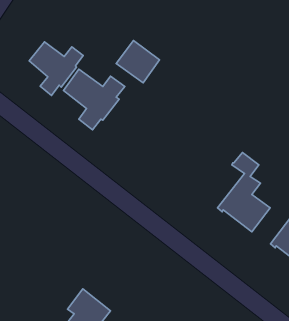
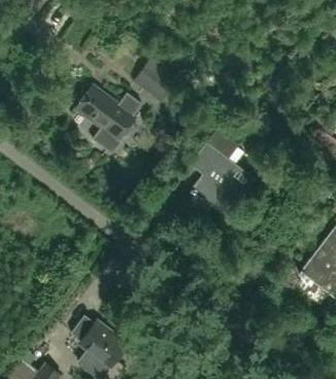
building: [29,42,83,96] -> none
building: [218,152,270,232] -> [192,132,248,217]

